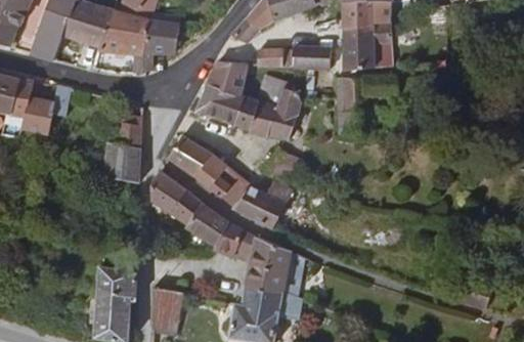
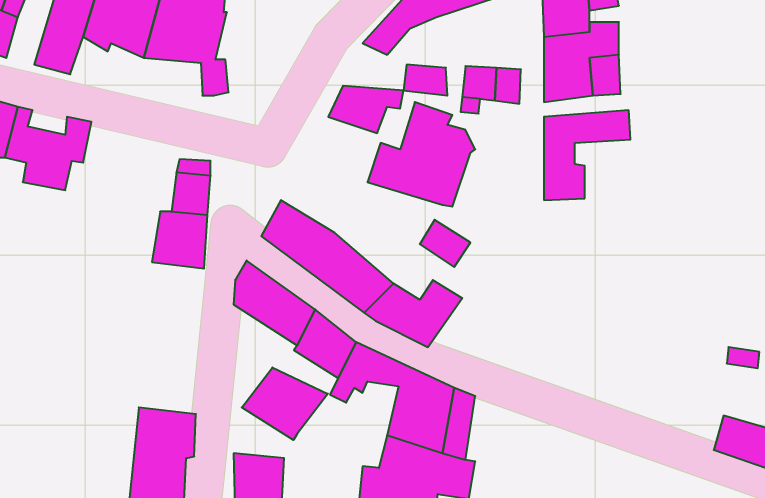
building: [142,17,175,48] -> none
building: [200,84,246,125] -> none
building: none -> [242,367,328,440]

